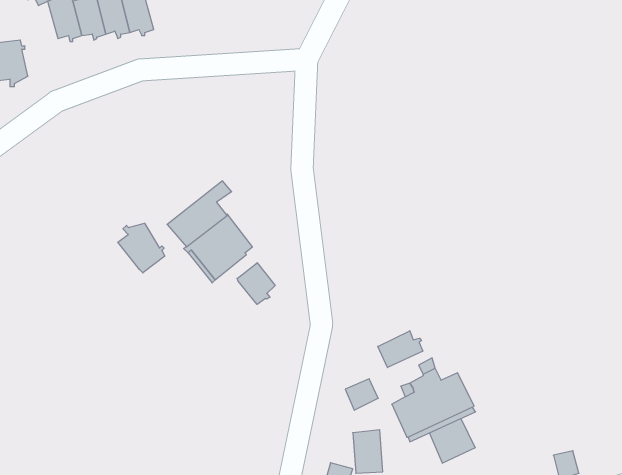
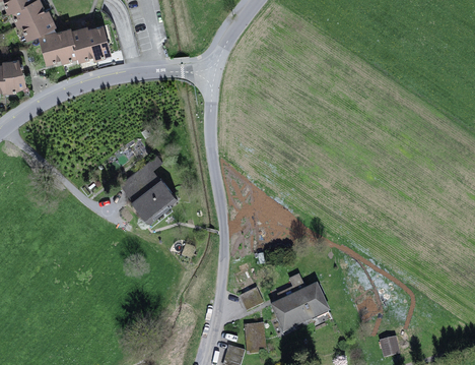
building: [118,223,165,273] -> none
building: [237,263,275,304] -> none
building: [378,331,423,368] -> none
building: [429,418,475,463] -> none

